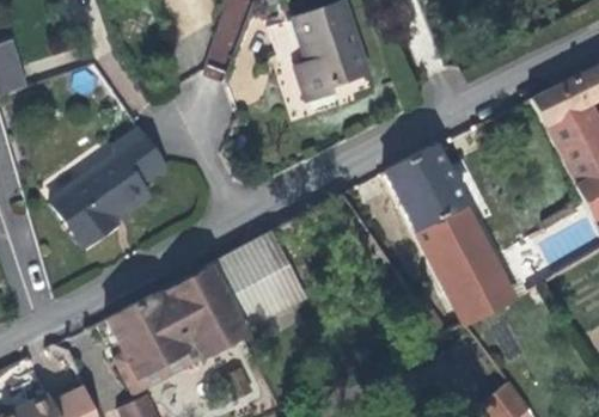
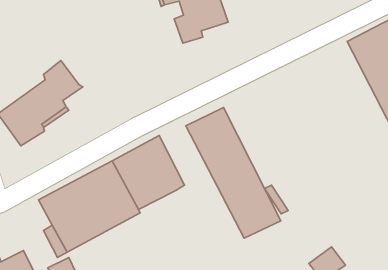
building: [386,145,517,324] -> [186,107,281,238]

